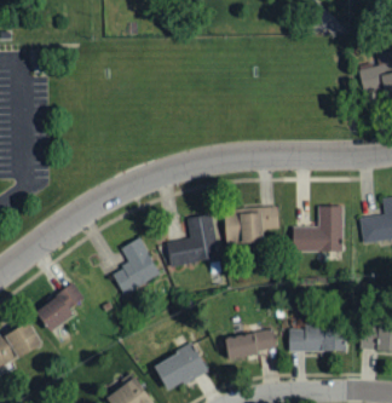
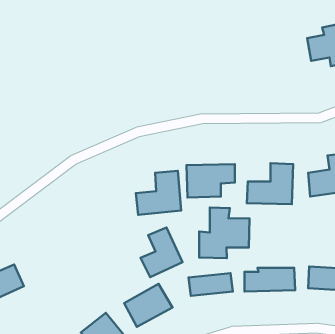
building: [113,238,160,294] -> [141,228,183,277]
building: none -> [199,208,250,258]
building: [36,282,86,329] -> none

